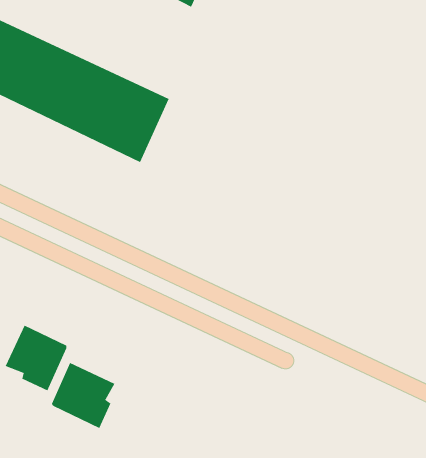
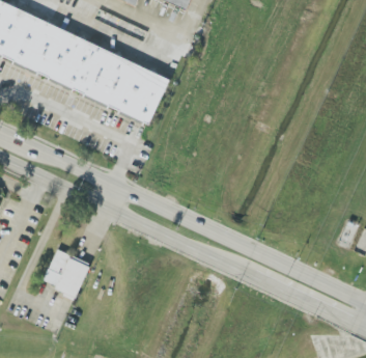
building: [51,362,115,429] -> none

